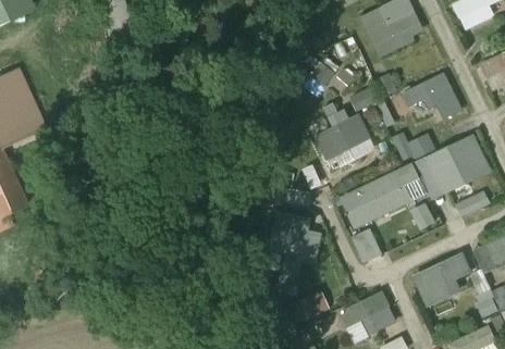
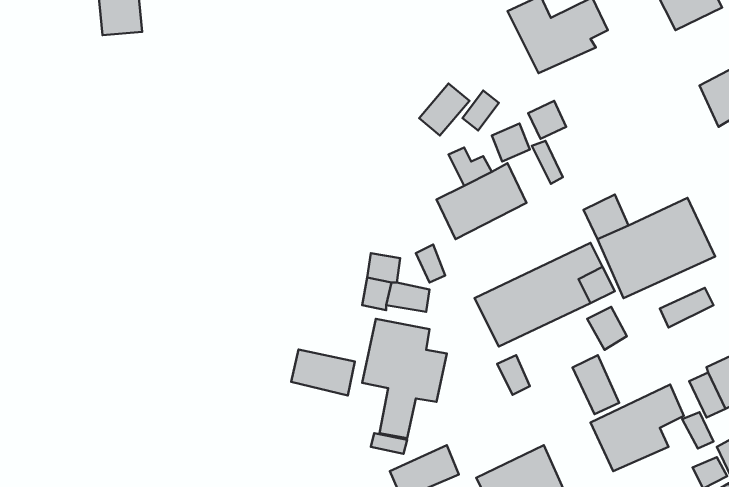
building: [402,72,463,117] -> none
building: none -> [291,350,355,396]
building: none -> [572,355,619,414]

